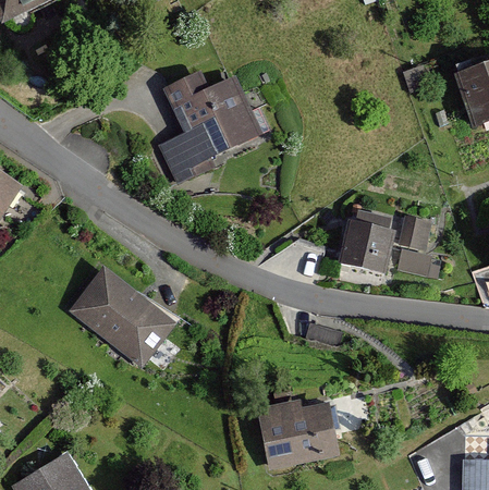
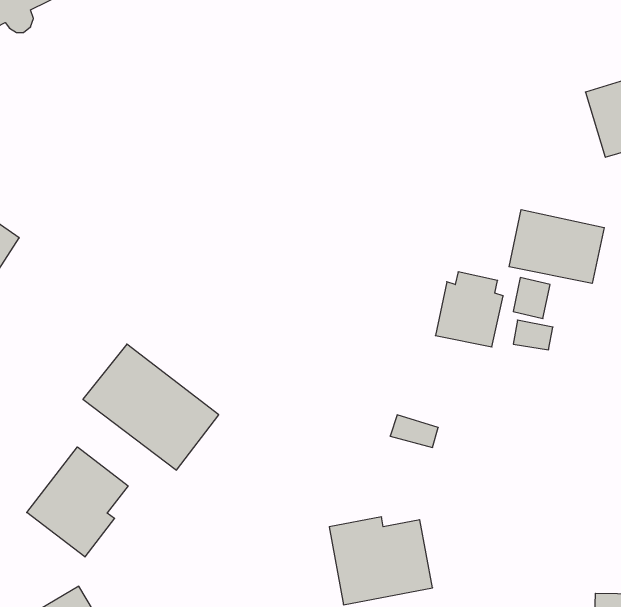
building: [160,73,259,183] -> none
building: none -> [509,210,604,283]
building: none -> [27,447,128,557]

